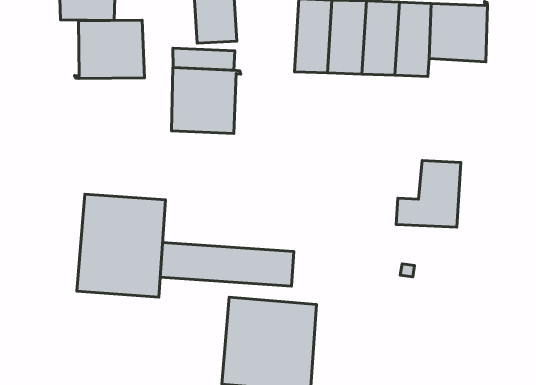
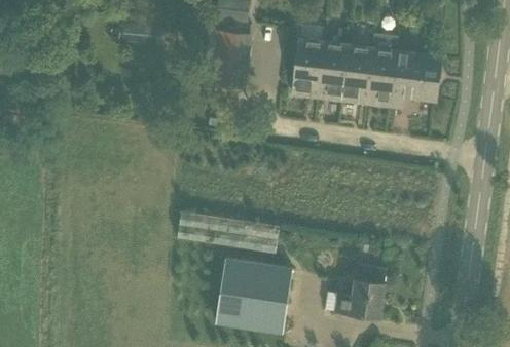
building: [75,20,144,79] -> none
building: [171,67,241,134] -> none
building: [396,160,461,227] -> [333,264,386,316]
building: [77,194,166,297] -> none

